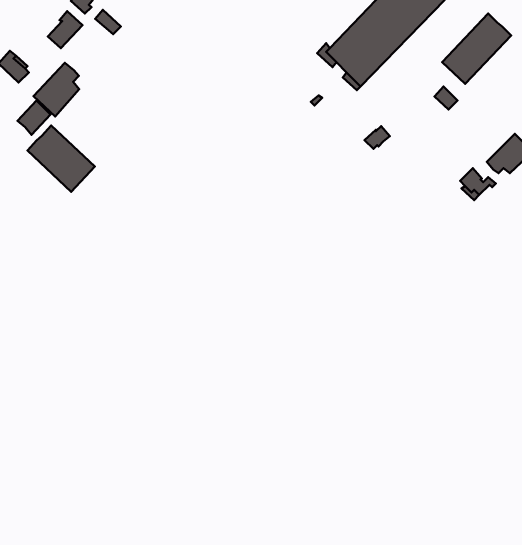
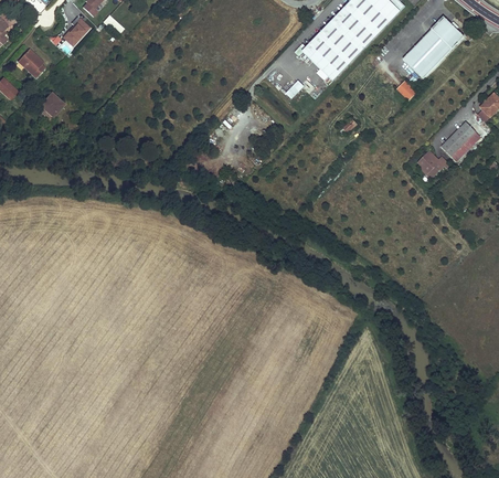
building: [34,63,79,116] -> none
building: [27,125,95,192] -> none

